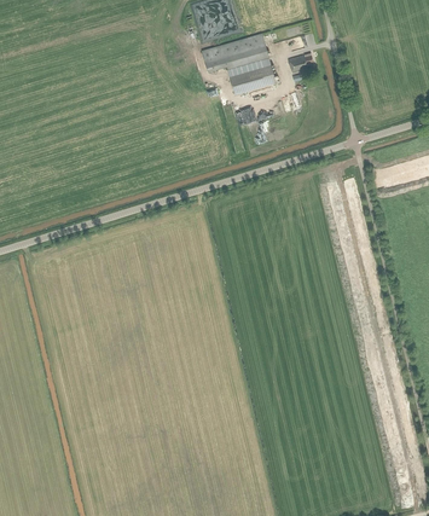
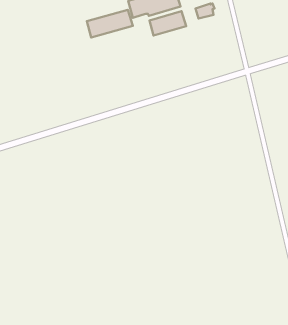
building: none -> [87,10,133,38]

